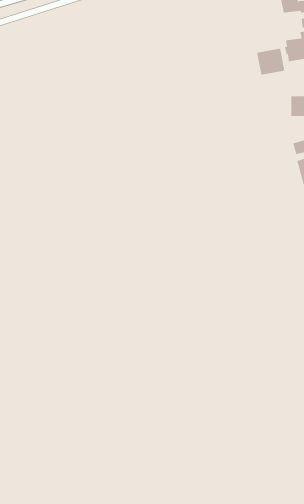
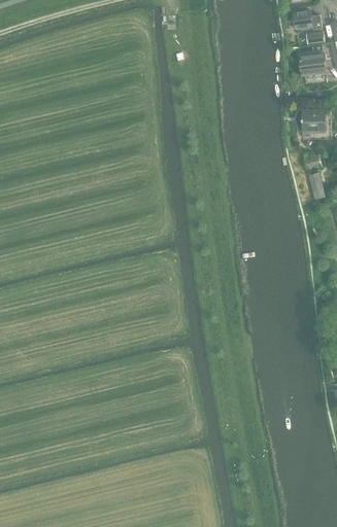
building: [257,48,285,76] -> none

